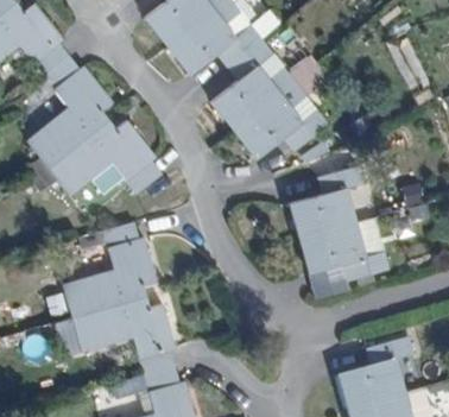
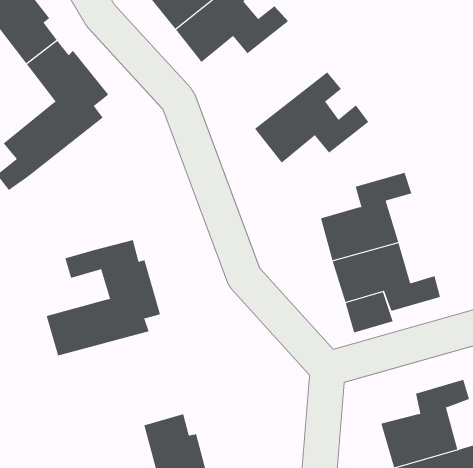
building: [211,40,295,129] -> none
building: [31,119,165,195] -> none
building: [71,297,176,374] -> none

